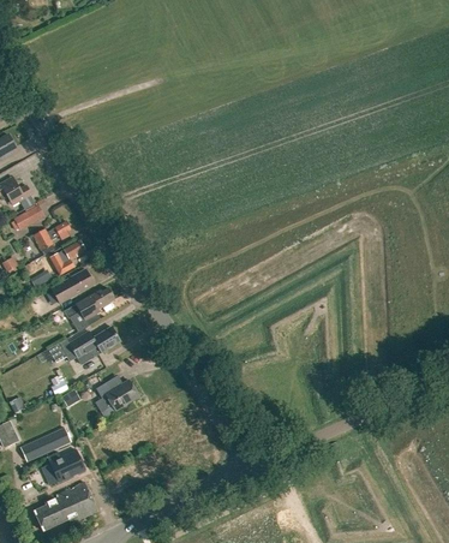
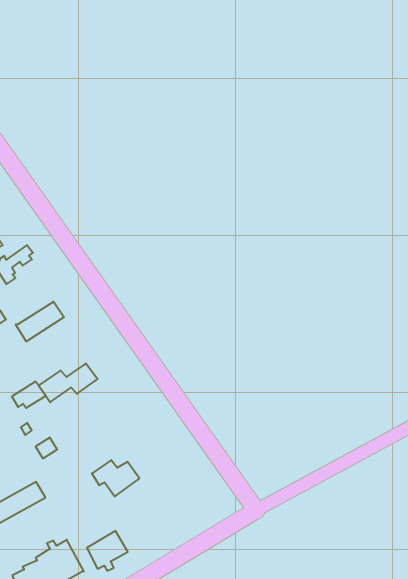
building: [50,240,86,275] -> none
building: [65,288,115,327] -> none
building: [97,377,139,410] -> [92,460,139,496]
building: [50,449,86,484] -> [87,531,128,571]

